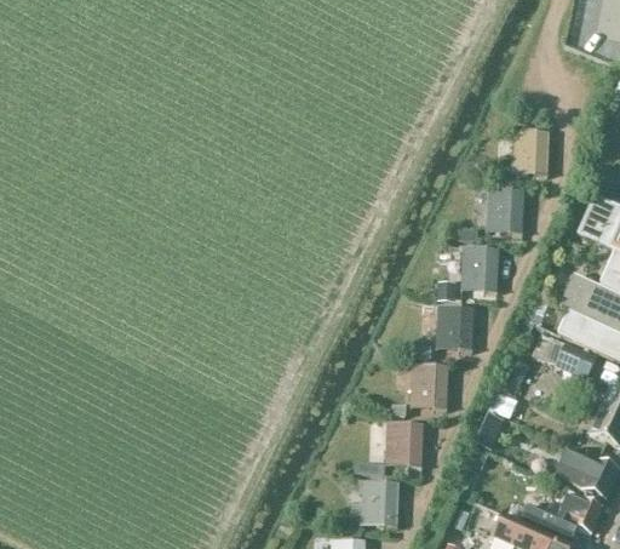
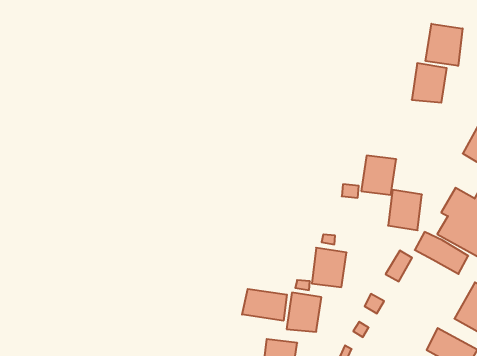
building: none -> [426,24,463,66]
building: [486,188,526,233] -> none
building: [436,304,473,350] -> [388,190,422,230]
building: none -> [242,289,287,321]

